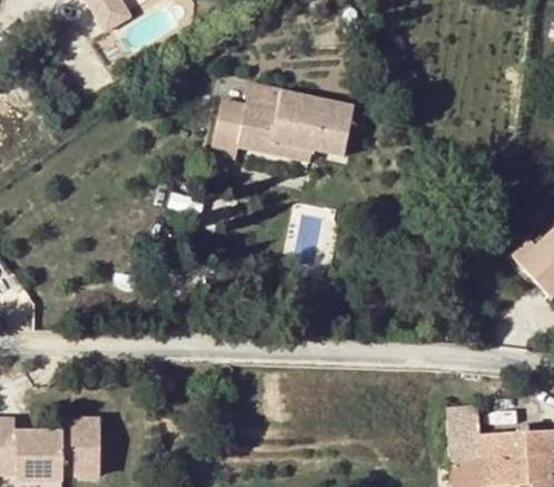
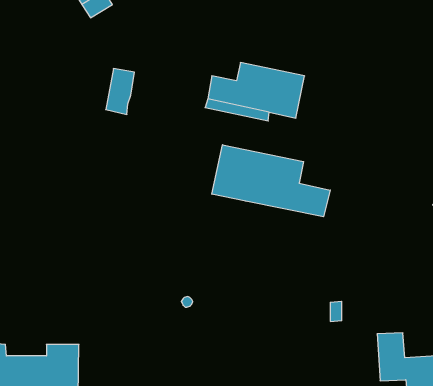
building: [219,100,253,154] -> [106,69,134,114]
building: none -> [212,145,330,217]

